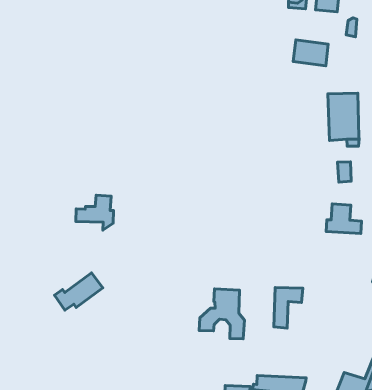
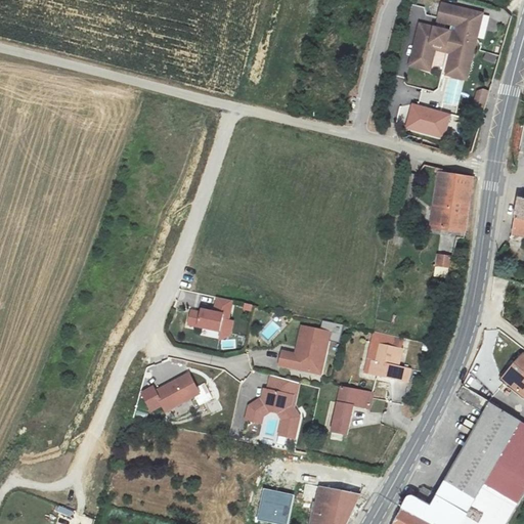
building: [76,195,114,230] -> [187,298,233,340]
building: [326,204,362,234] -> [367,342,410,382]
building: none -> [279,325,332,374]
building: [55,273,103,310] -> [142,373,200,410]

